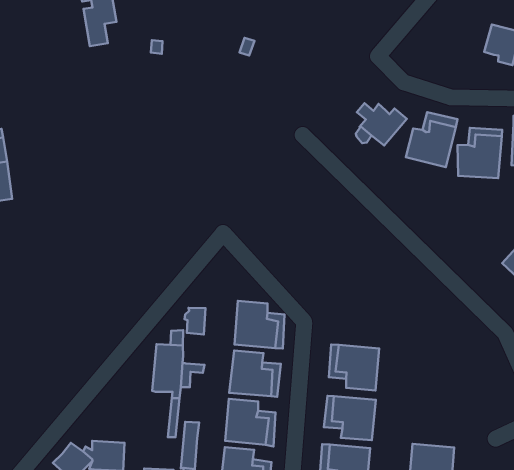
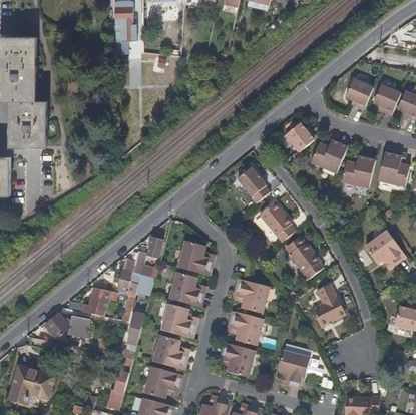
building: none -> [346,79,372,109]
building: none -> [236,166,268,202]
building: none -> [259,200,295,241]
building: none -> [288,236,323,278]
building: none -> [311,284,345,327]
building: none -> [79,287,110,316]

